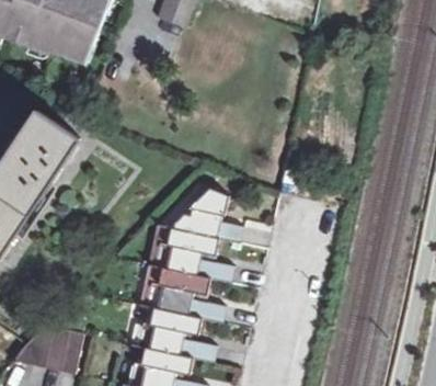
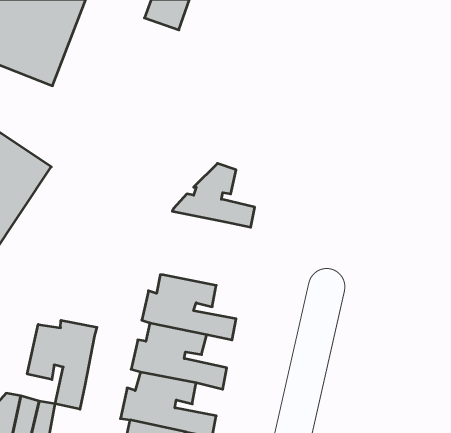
building: [172,188,240,240] -> [172,163,255,227]
building: none -> [27,320,97,409]

